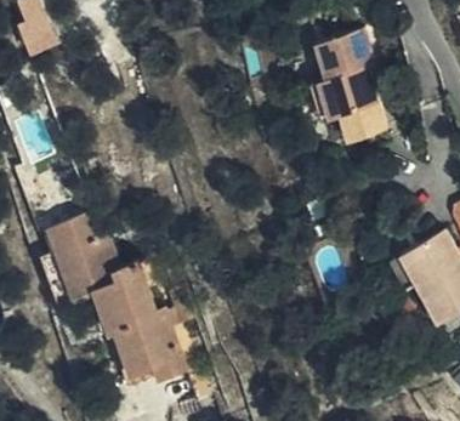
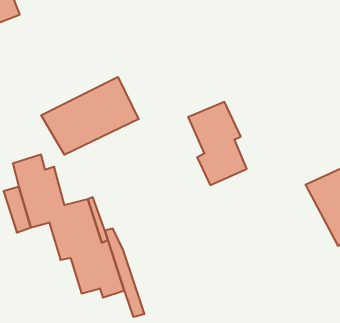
building: [313,38,384,137] -> [188,102,247,185]
building: none -> [41,77,139,155]

